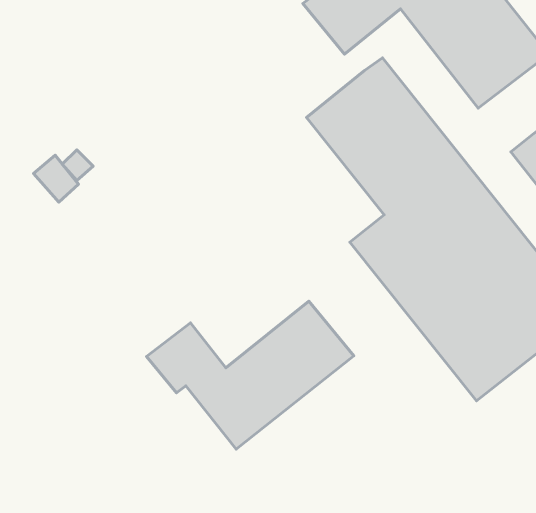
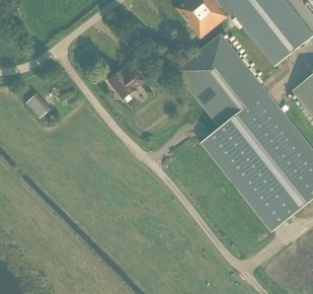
building: none -> [106,66,146,99]
building: [146,301,354,449] -> none

